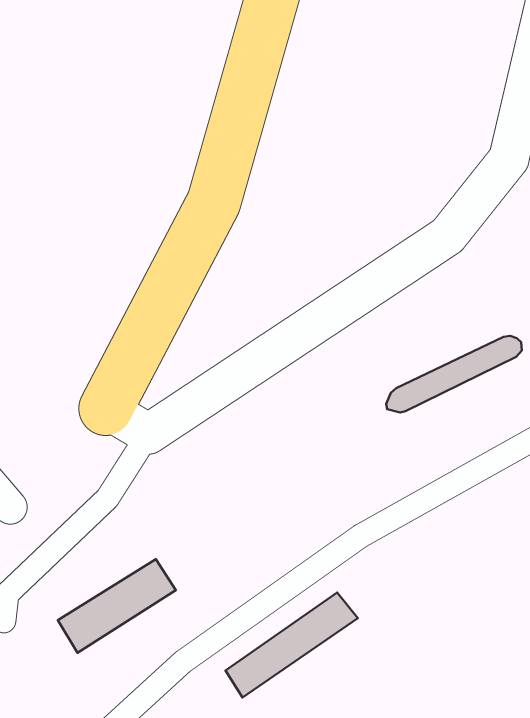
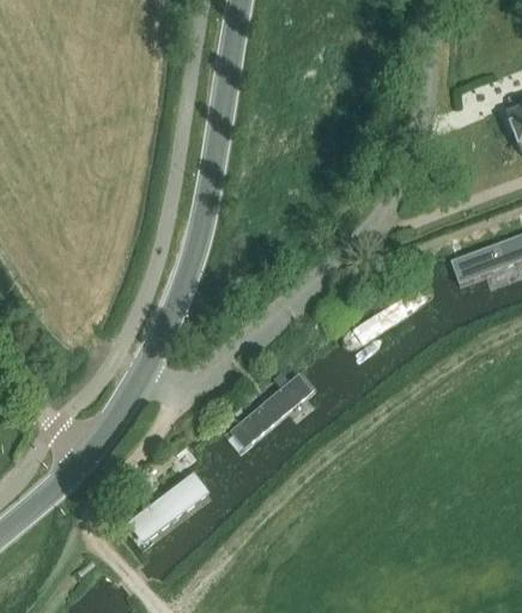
building: [225,592,358,698] -> [225,376,315,459]

